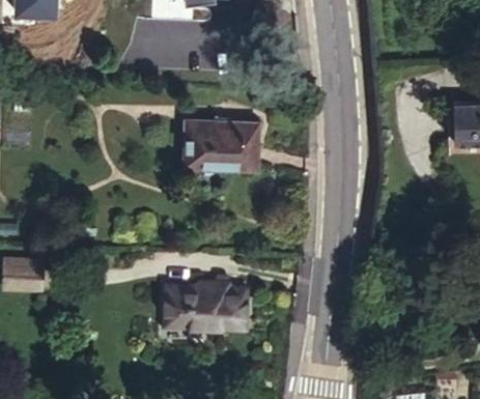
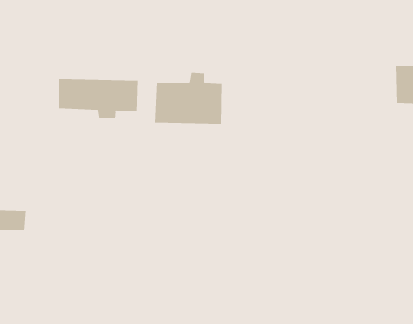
building: none -> [59,78,138,119]
building: [151,283,232,323] -> none

